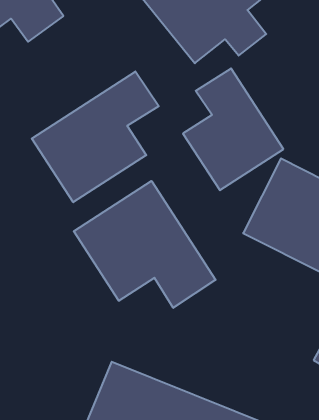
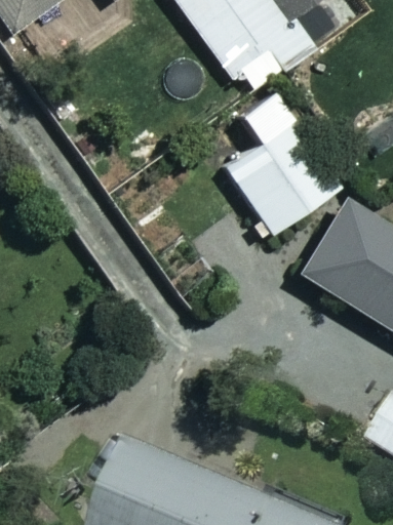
building: [32,71,159,202] -> none
building: [74,181,216,308] -> none

